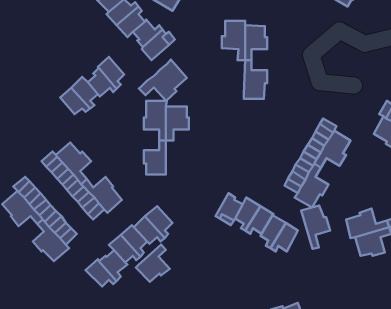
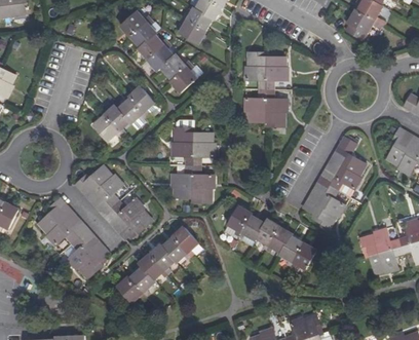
building: [139,60,187,101] -> none
building: none -> [244,89,266,121]
building: none -> [192,164,214,201]
building: none -> [225,204,252,237]
building: [301,205,330,249] -> none
building: [136,244,170,282] -> none

